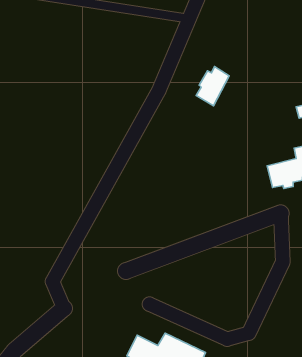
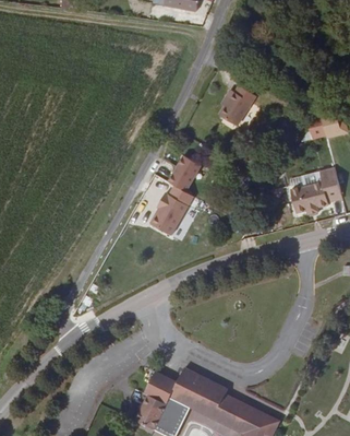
building: none -> [166,155,201,193]
building: none -> [147,192,192,241]

